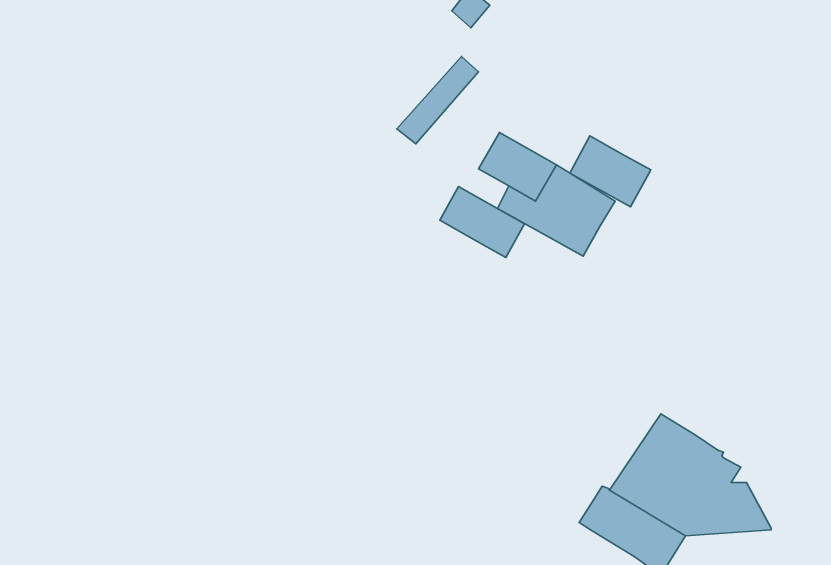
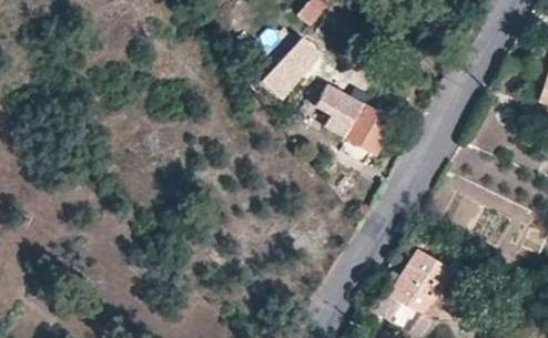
building: [570,136,651,207] -> none
building: [440,187,524,258] -> none

